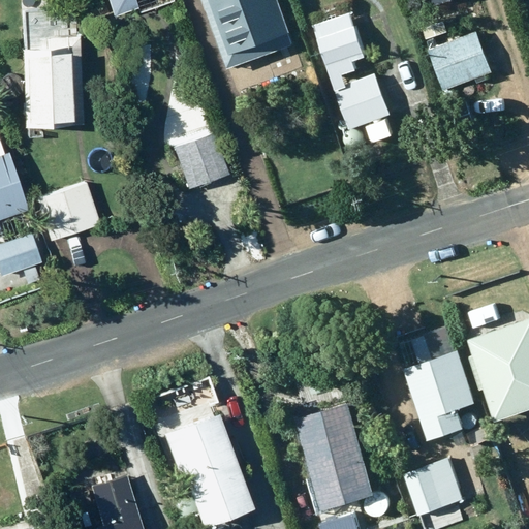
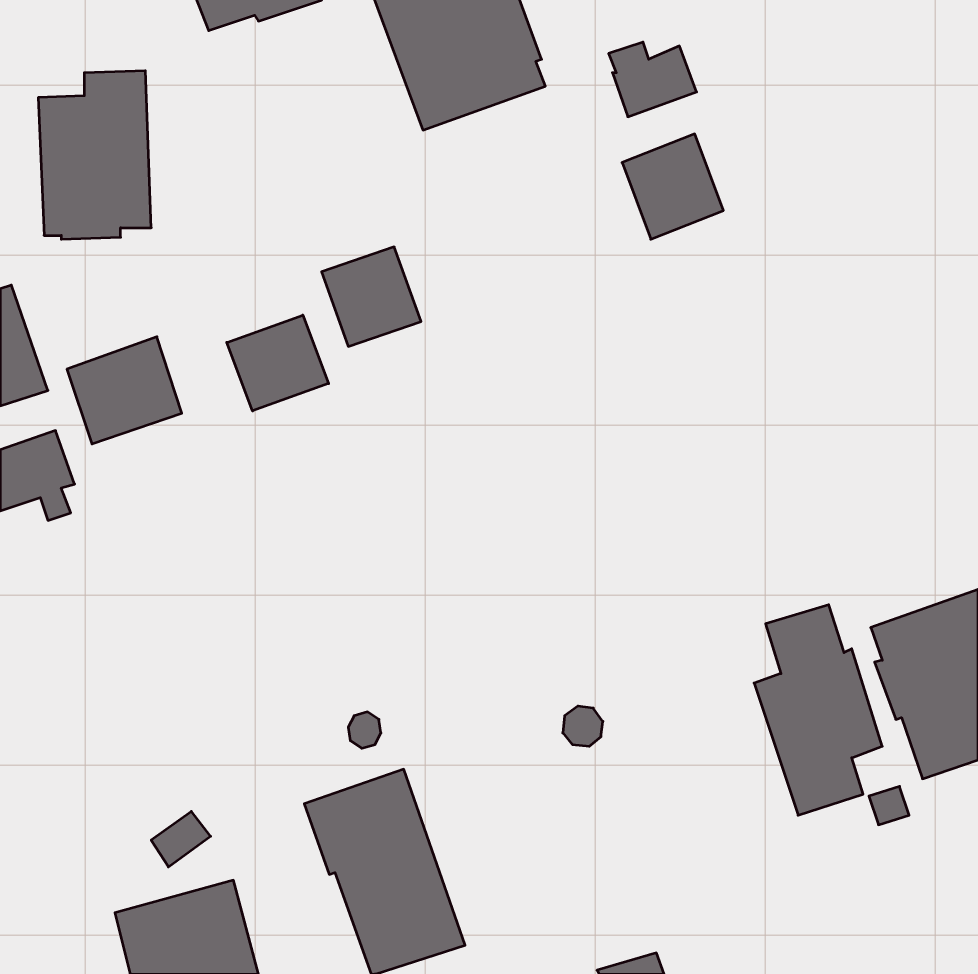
building: [436,31,493,87] -> none
building: none -> [227,315,329,411]
building: [299,402,377,511] -> none
building: [406,457,464,514] -> none

